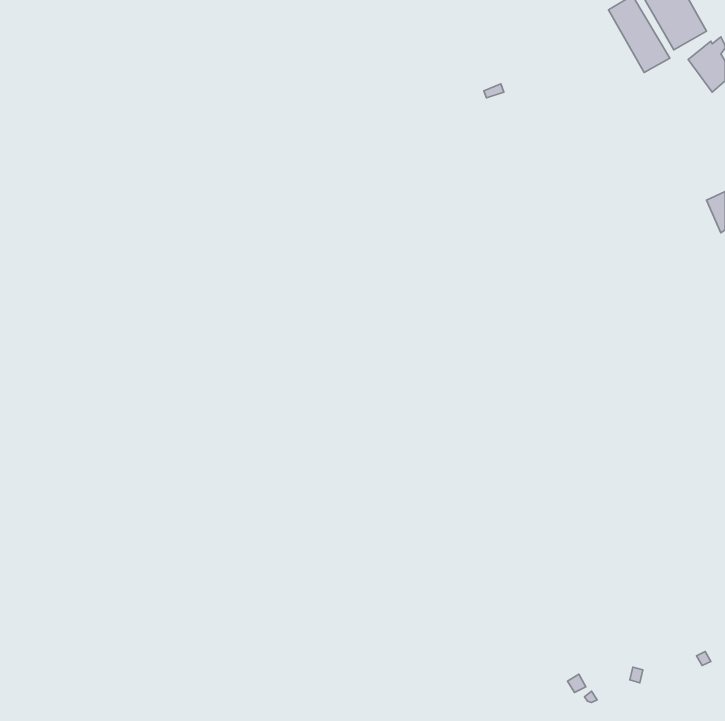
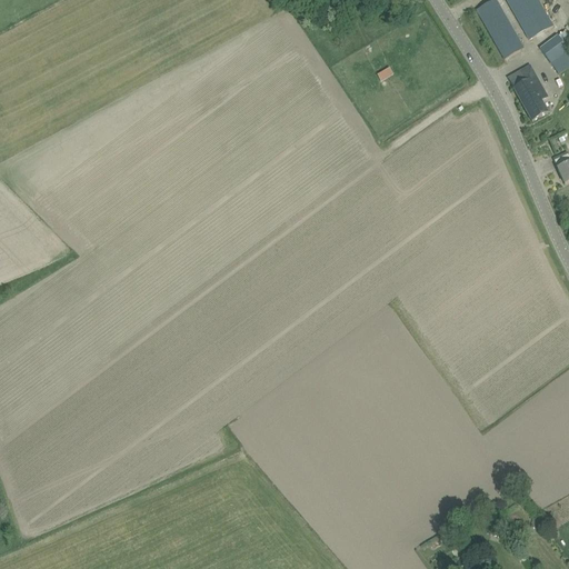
building: none -> [508,63,548,120]

